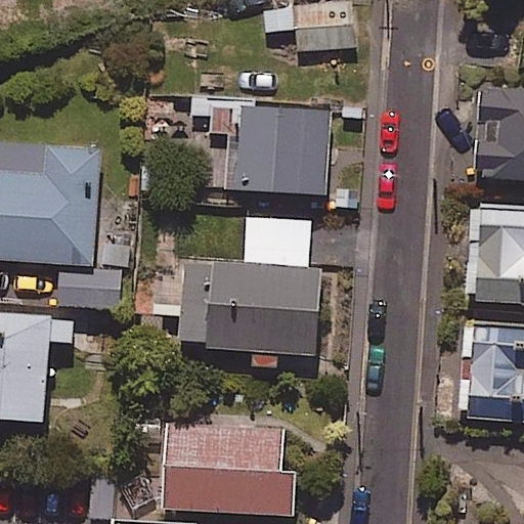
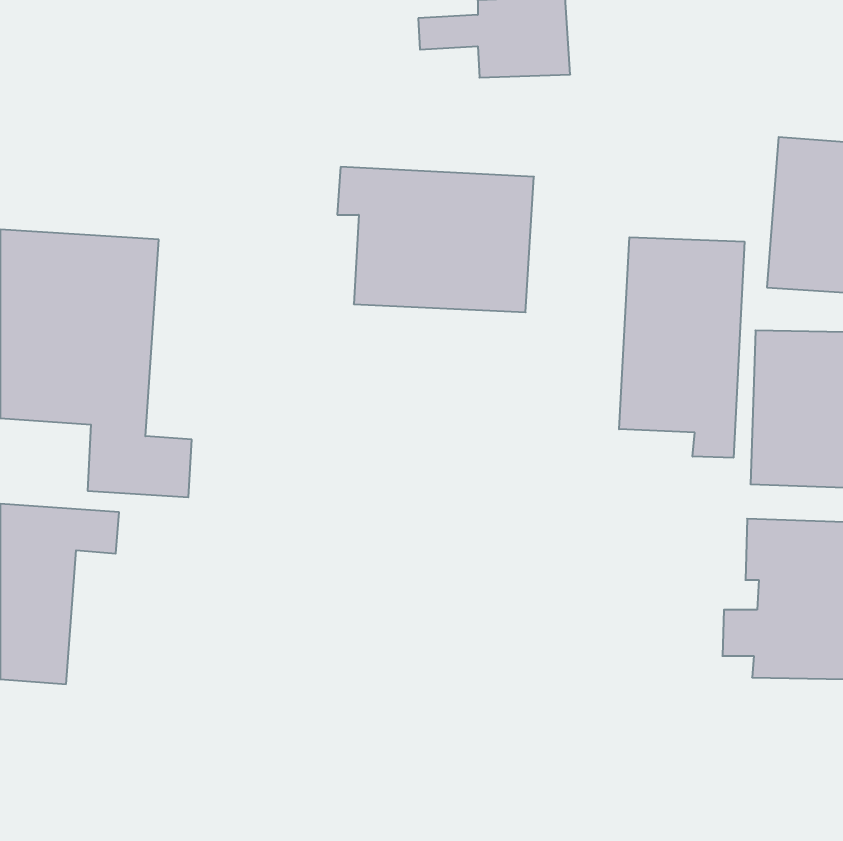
building: none -> [619,237,744,458]
building: [156,215,321,372] -> none
building: [162,425,297,516] -> none

